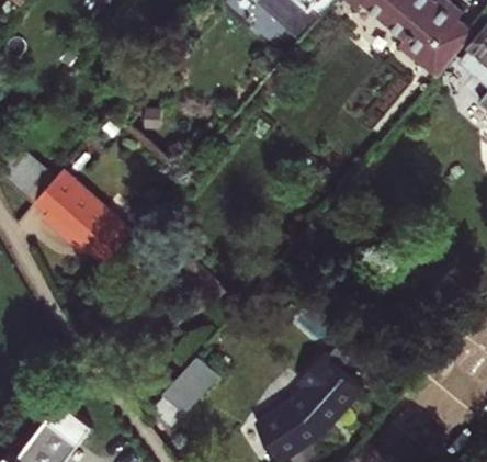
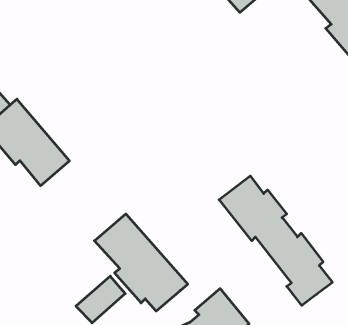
building: none -> [219,176,332,305]
building: none -> [94,214,188,311]

